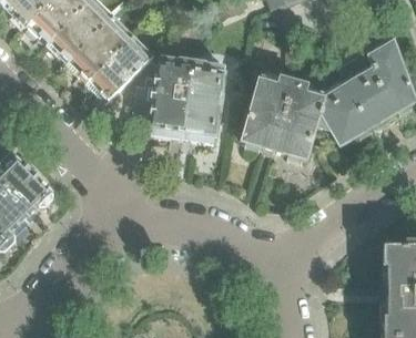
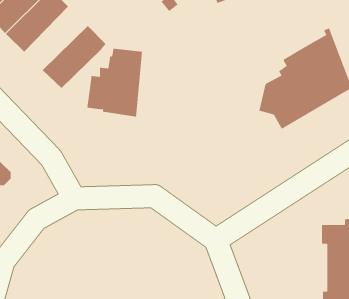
building: [65,16,133,83] -> none
building: [185,63,224,137] -> none
building: [242,74,322,161] -> none

